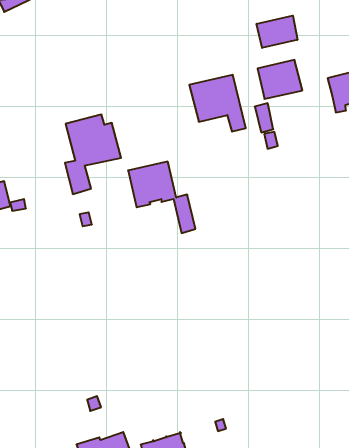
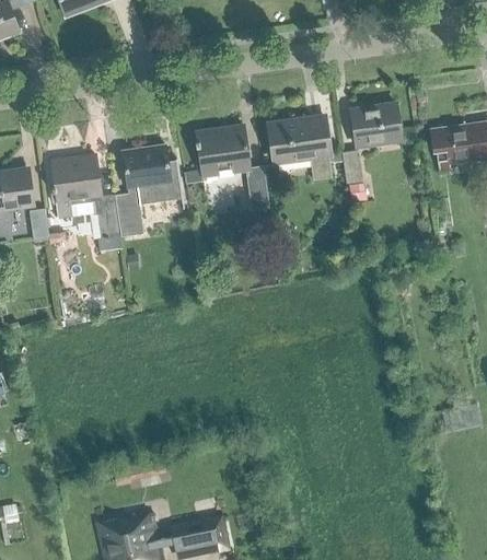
building: [257,16,297,48] -> none
building: none -> [51,155,121,250]
building: [128,162,195,233] -> [197,126,268,210]

